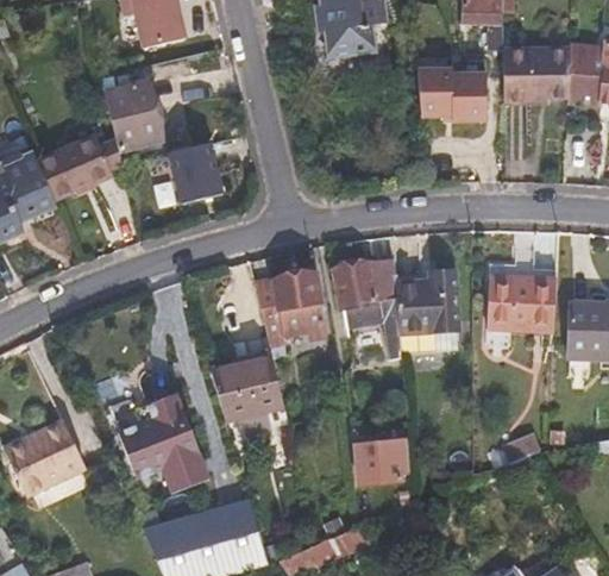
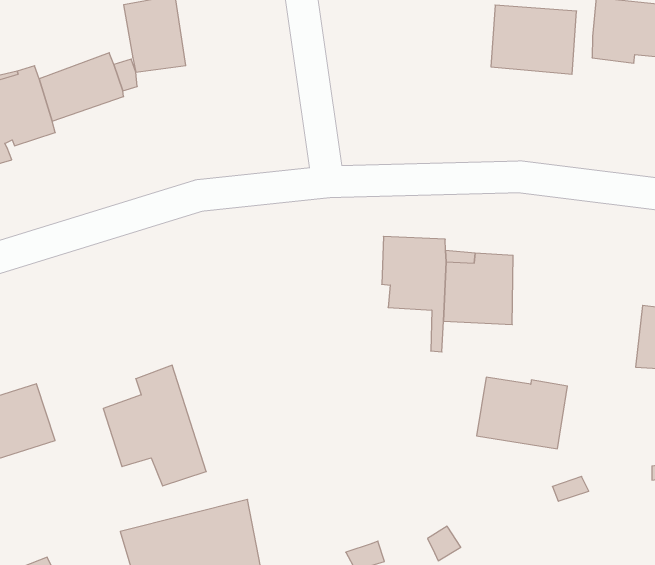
building: [168,140,220,200] -> none
building: [255,269,327,346] -> none
building: [482,277,554,333] -> [477,377,567,449]
building: [212,355,284,437] -> none
building: [359,438,407,481] -> none

